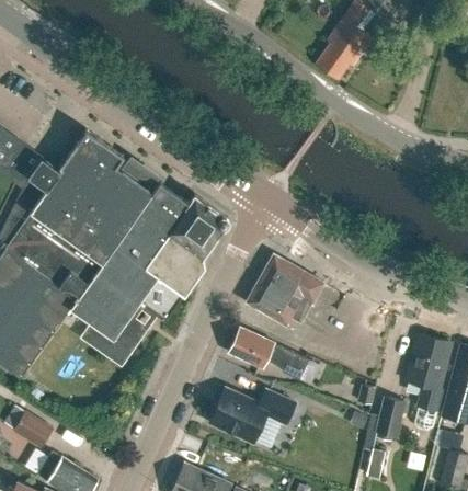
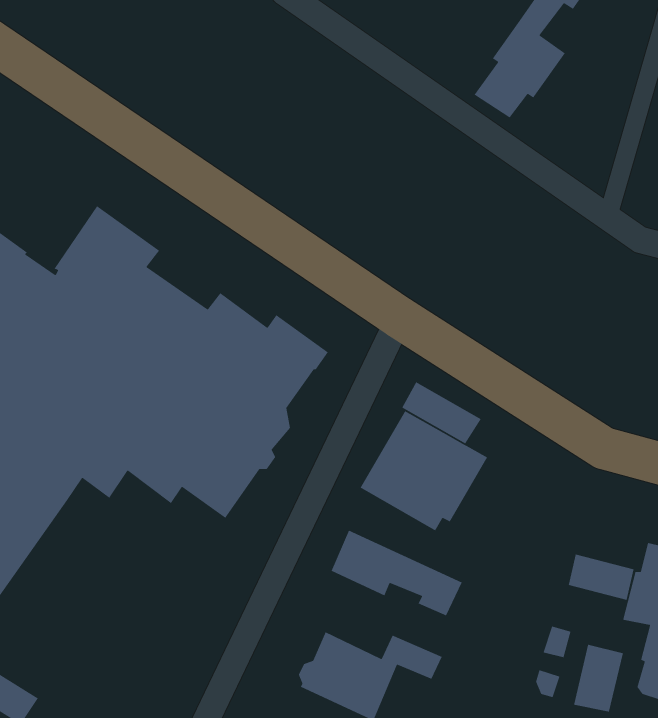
building: none -> [401,381,482,444]
building: [70,292,146,367] -> none
building: none -> [568,554,634,601]

